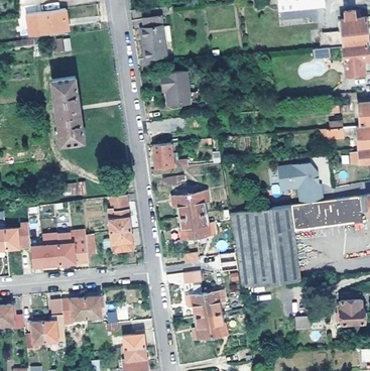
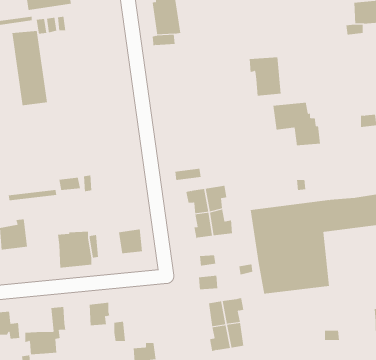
building: [165,73,195,108] -> [249,57,281,96]
building: [52,77,85,144] -> [12,31,48,106]
building: [153,143,173,169] -> none
building: [279,164,323,204] -> [273,102,321,146]
building: [109,195,131,233] -> none
building: [30,235,58,266] -> none
building: [63,297,86,324] -> none

